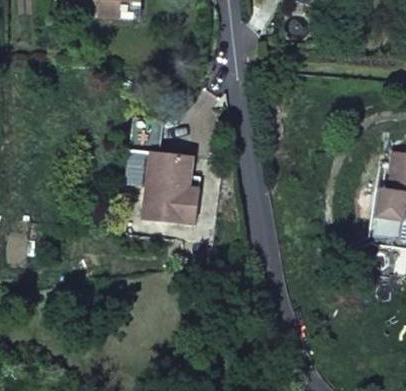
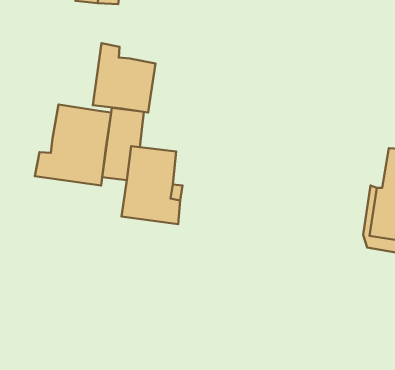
building: none -> [93,43,155,113]
building: none -> [35,105,111,185]

